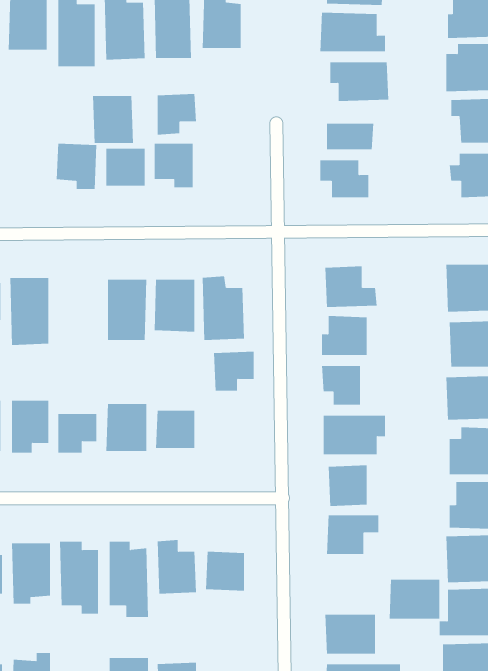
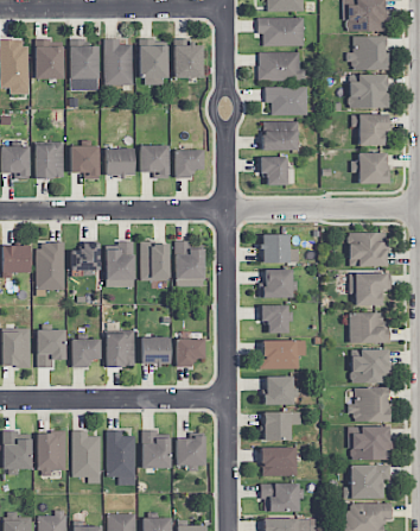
building: [157,94,197,135] -> [176,148,204,178]
building: [92,96,134,144] -> [36,144,65,178]
building: none -> [71,245,100,274]
building: [213,351,255,391] -> [176,337,205,366]
building: [389,579,440,619] -> [261,447,298,475]

